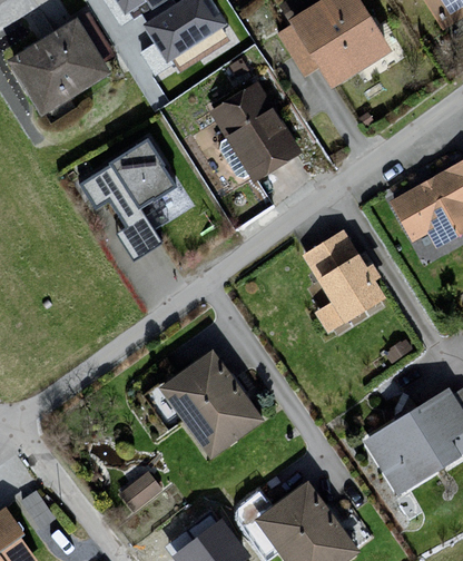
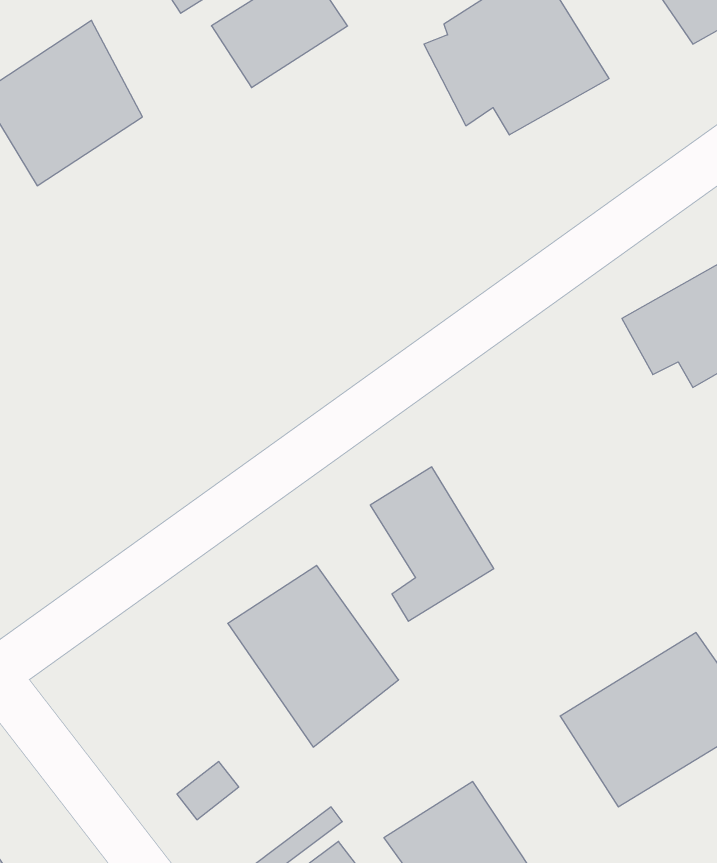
building: [209,82,298,181] -> none
building: [70,135,180,266] -> none
building: [311,232,386,326] -> [370,467,494,621]

